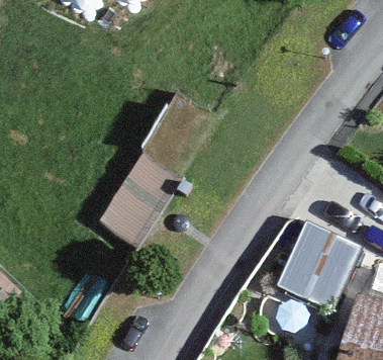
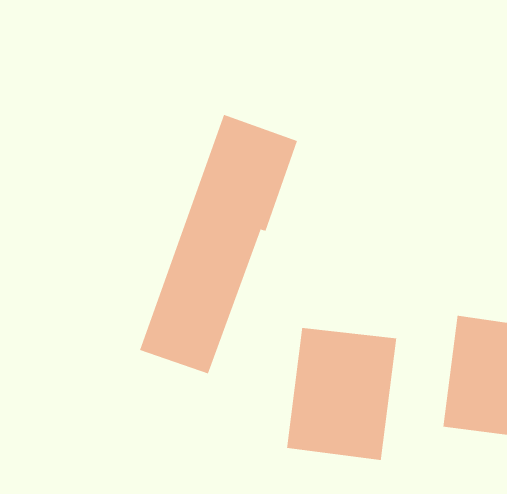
building: none -> [286,327,397,461]

